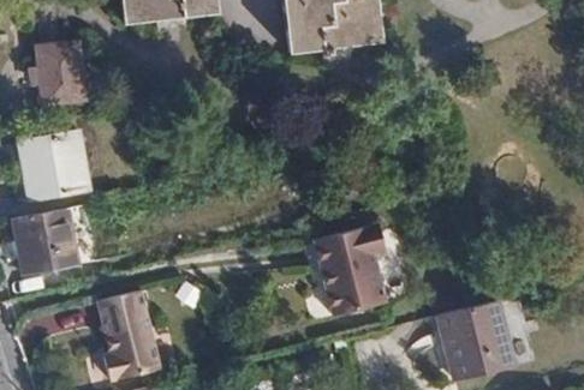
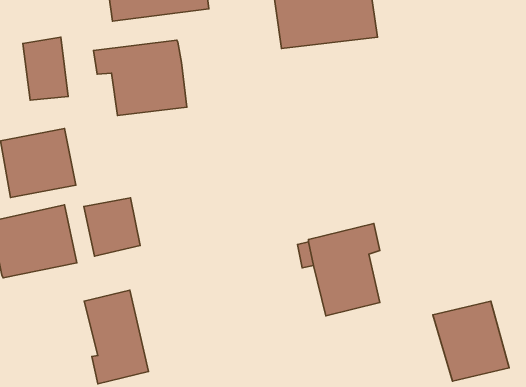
building: none -> [94,40,187,116]
building: none -> [84,198,140,256]

